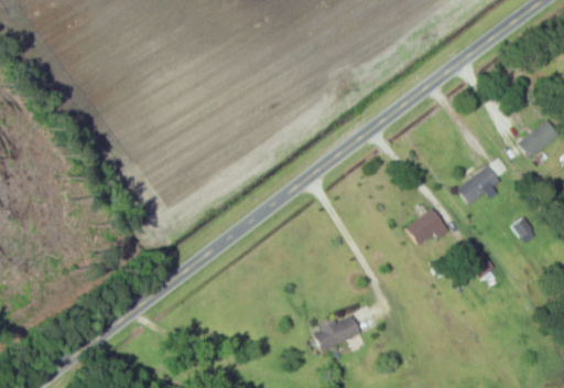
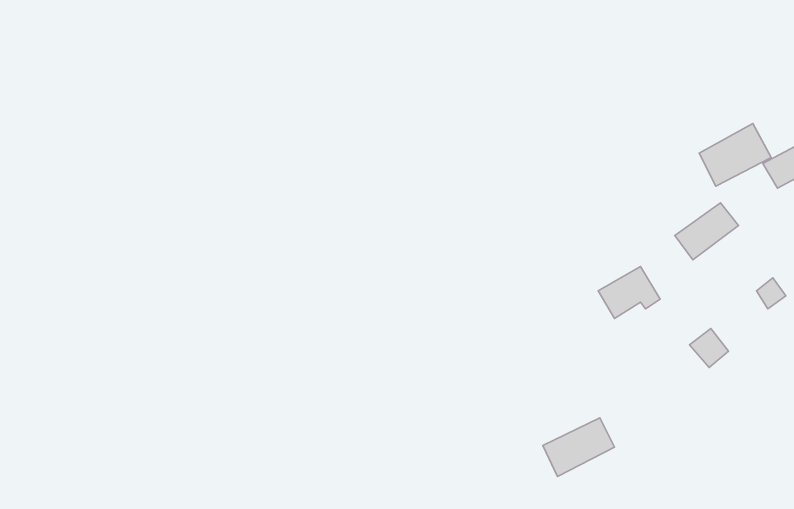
building: none -> [699,124,771,186]
building: [312,312,360,352] -> [543,418,615,477]

